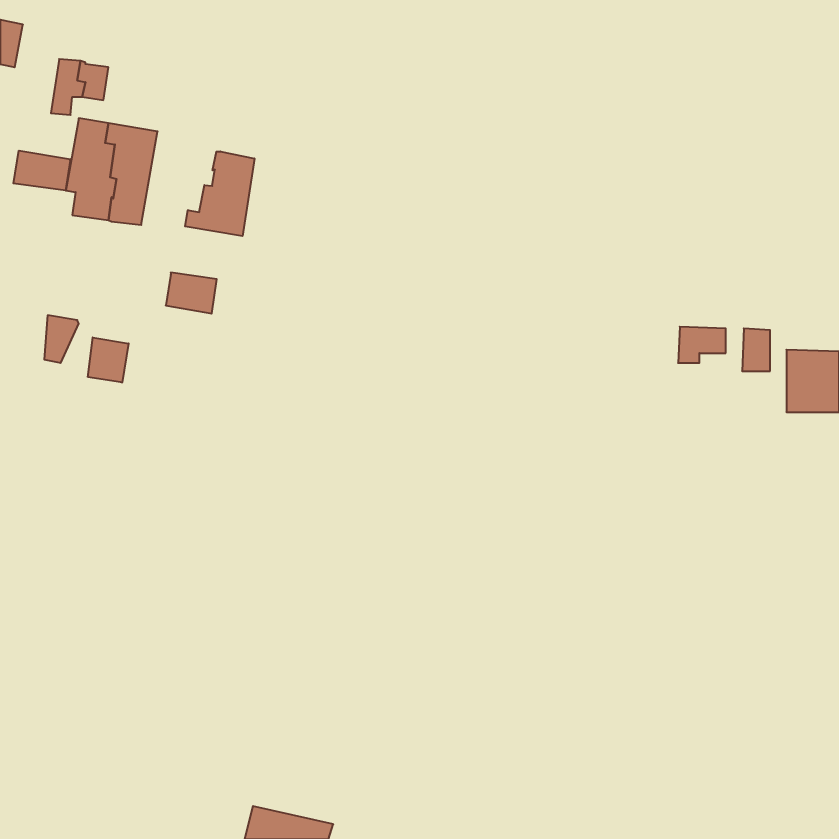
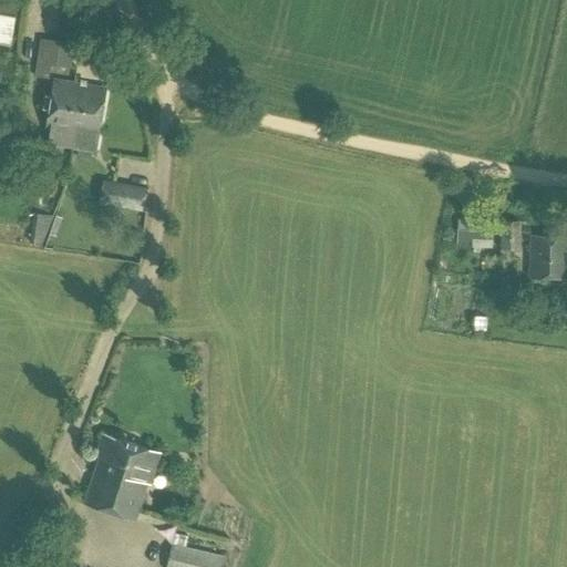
building: [13,151,71,191] -> none
building: [185,151,254,236] -> none
building: [88,337,129,383] -> none
building: none -> [84,435,159,520]

